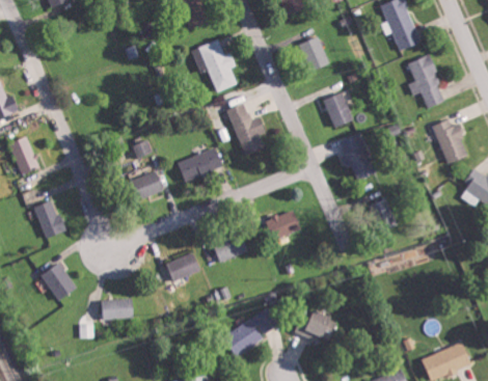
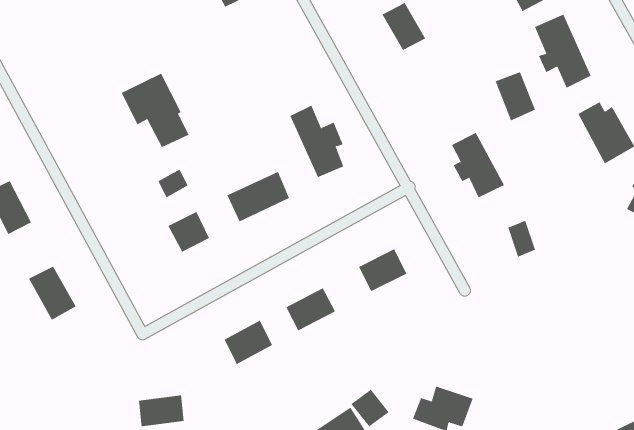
building: [190,38,236,91] -> [121,73,190,148]
building: [324,92,351,127] -> [495,72,536,121]
building: [40,263,76,300] -> none

